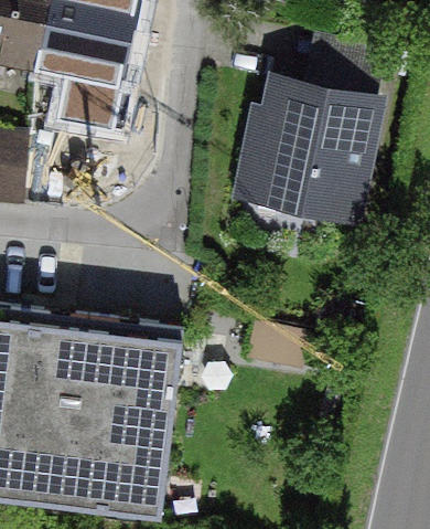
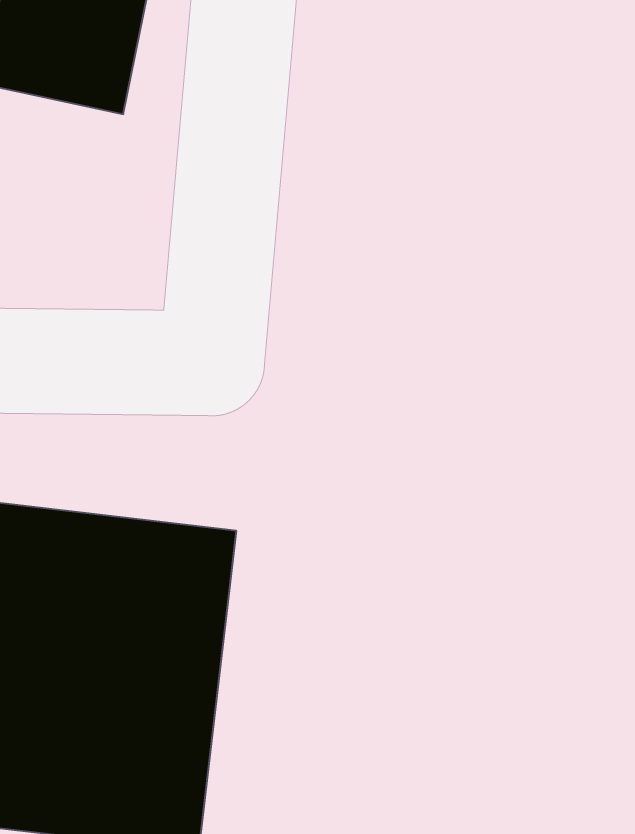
building: [246,86,374,218] -> none

